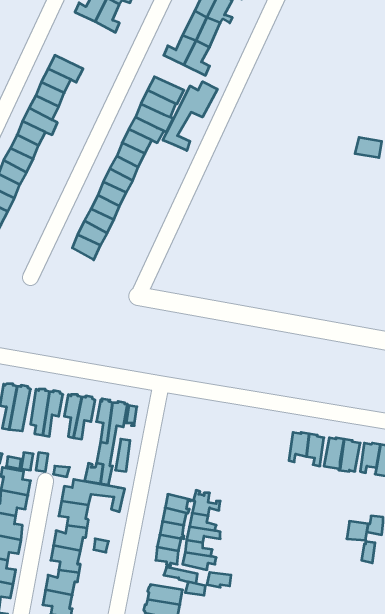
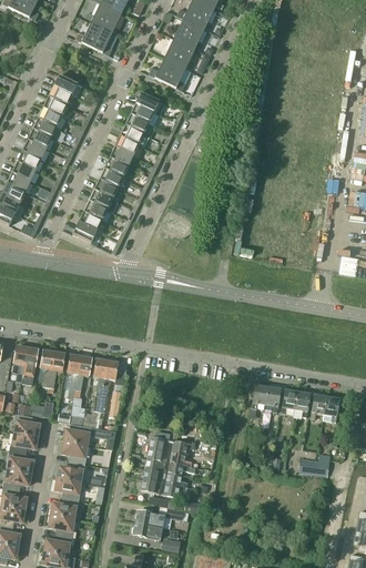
building: [163,82,217,151] -> none

